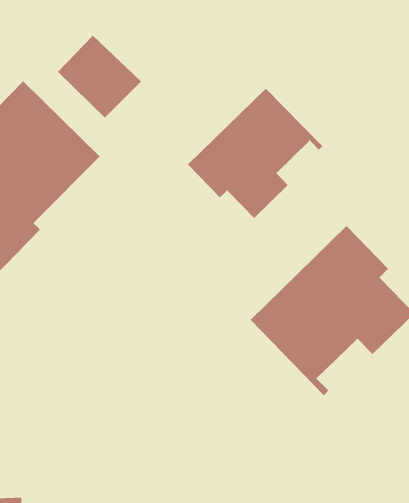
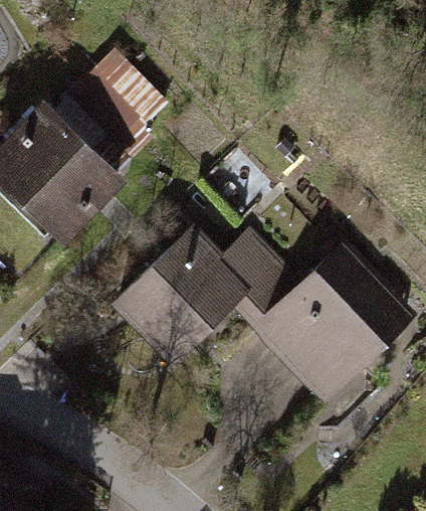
building: [187,88,323,219] -> none
building: none -> [121,228,301,353]

